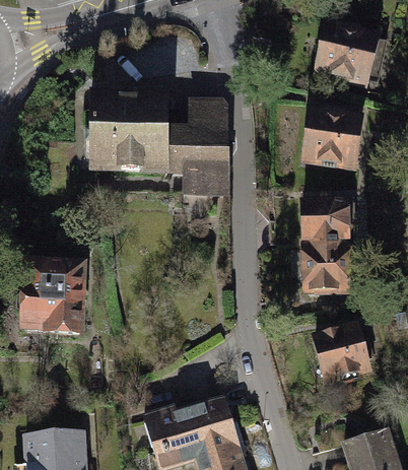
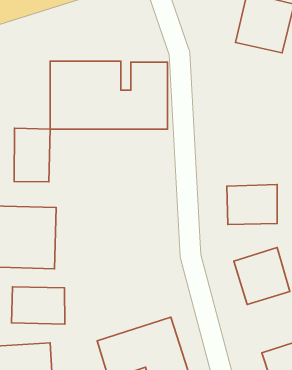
building: [297,99,362,169] -> none
building: none -> [14,128,50,182]
building: [298,198,358,246] -> none
building: none -> [12,287,65,324]

